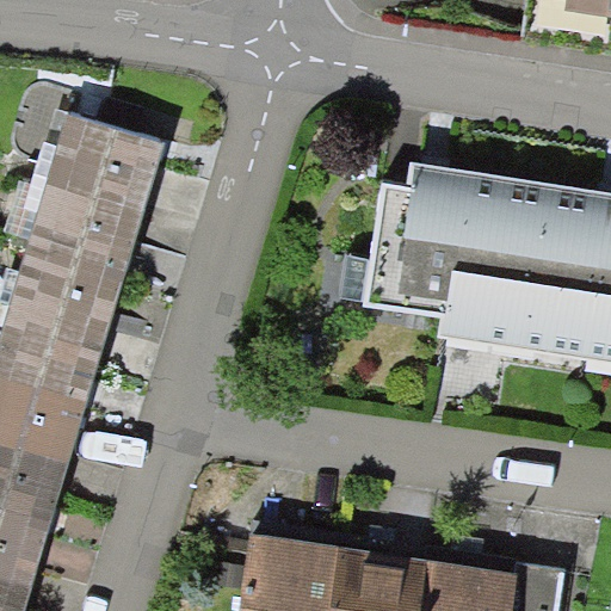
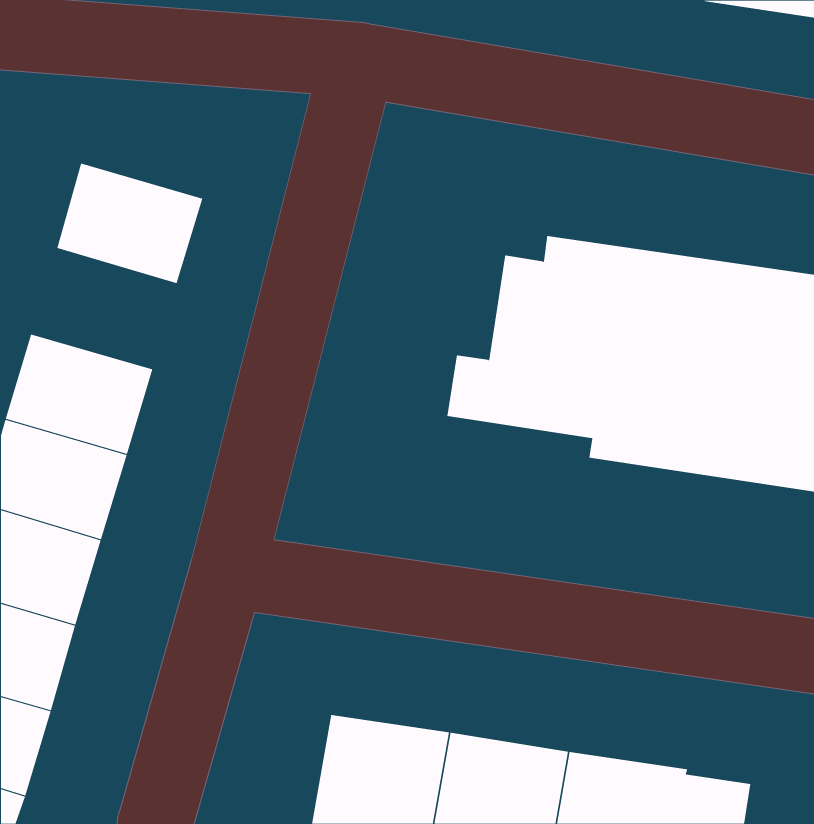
building: [30,184,138,273] -> none

